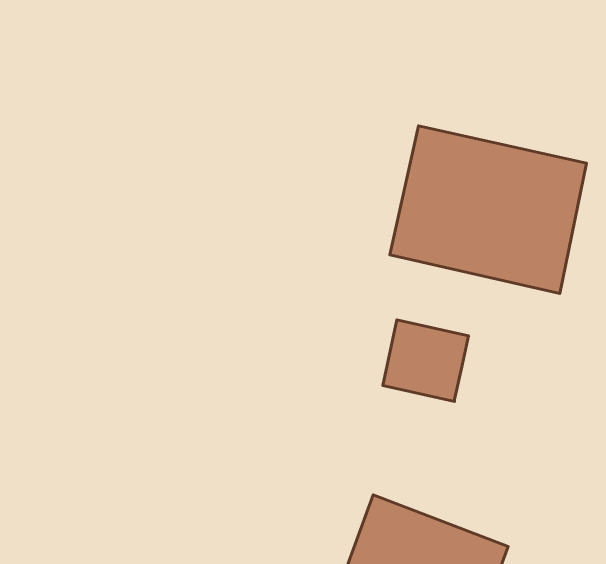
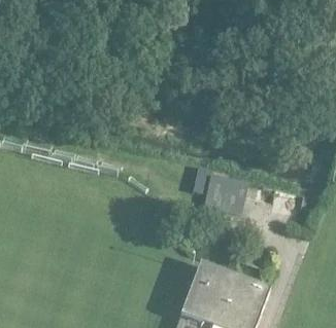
building: [390,126,587,293] -> none

